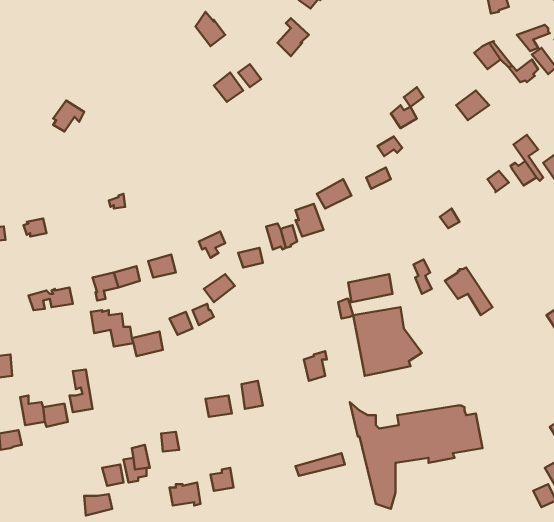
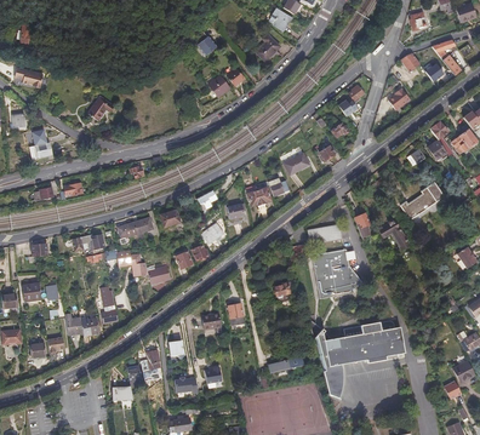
building: none -> [400,182,442,218]

